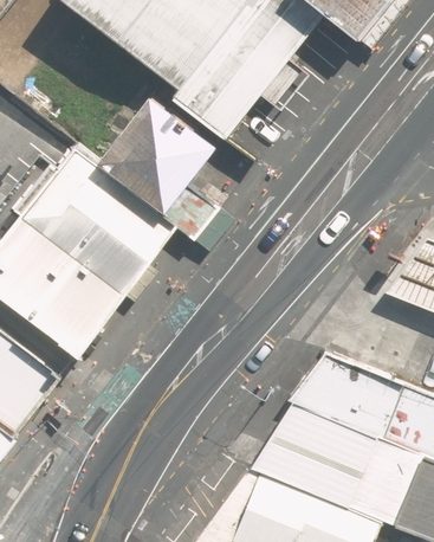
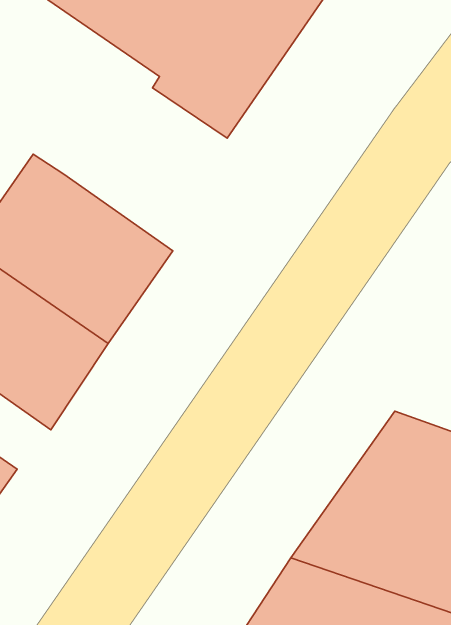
building: [98,92,221,238] -> none

